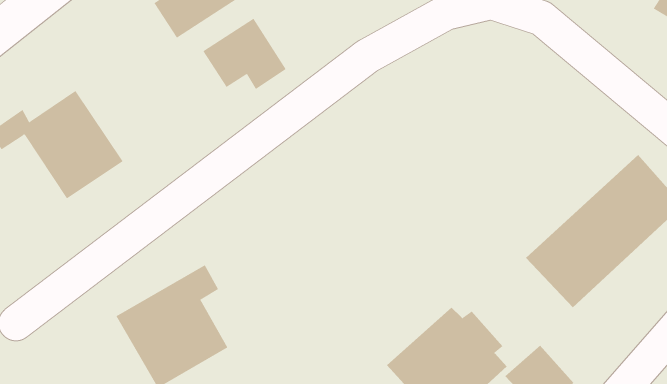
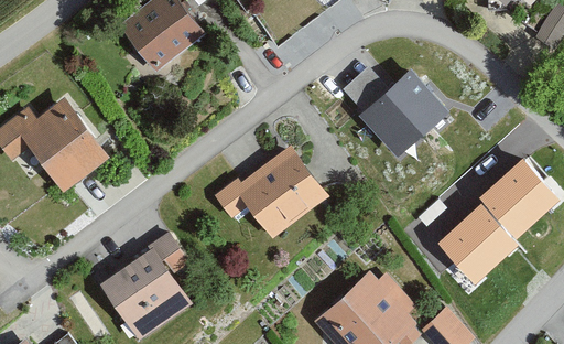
building: [203,18,287,90] -> none
building: none -> [336,69,449,162]
building: none -> [215,147,328,235]

